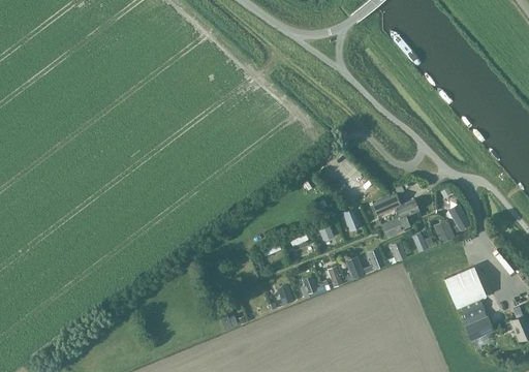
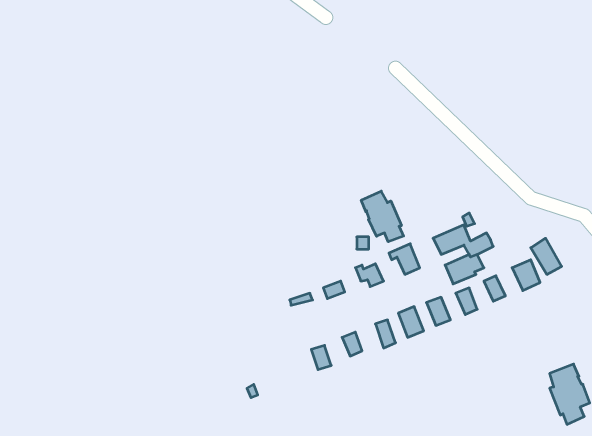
building: none -> [361,191,404,242]
building: [444,267,487,308] -> none

